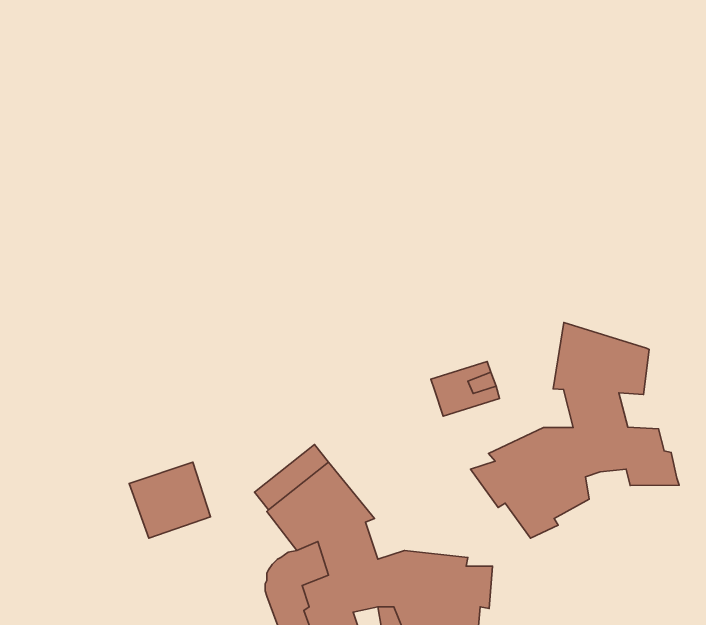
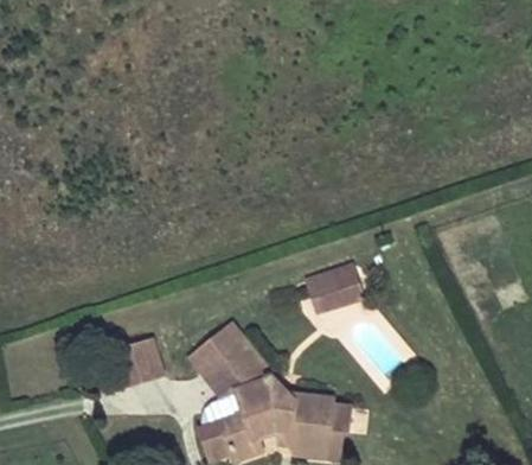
building: [471,322,679,538] -> none

